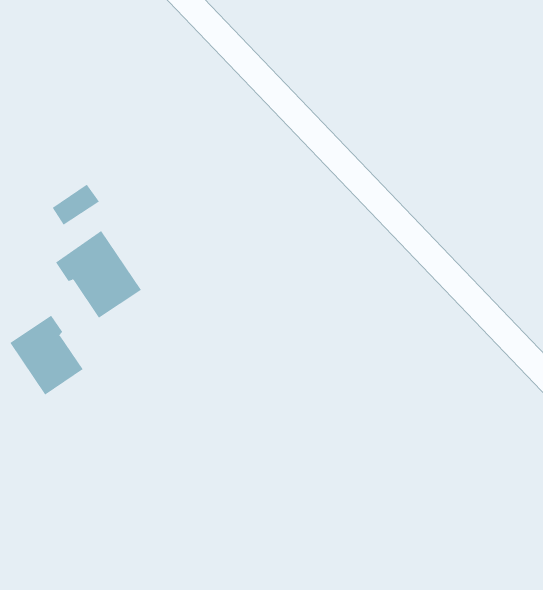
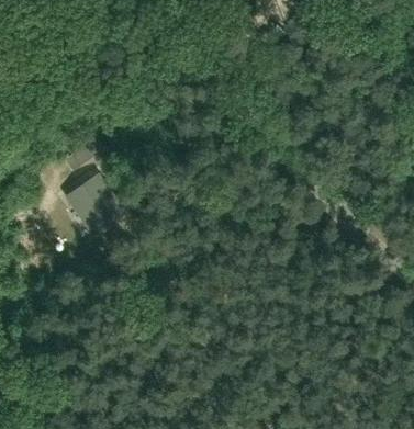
building: [9,315,83,396] -> none

